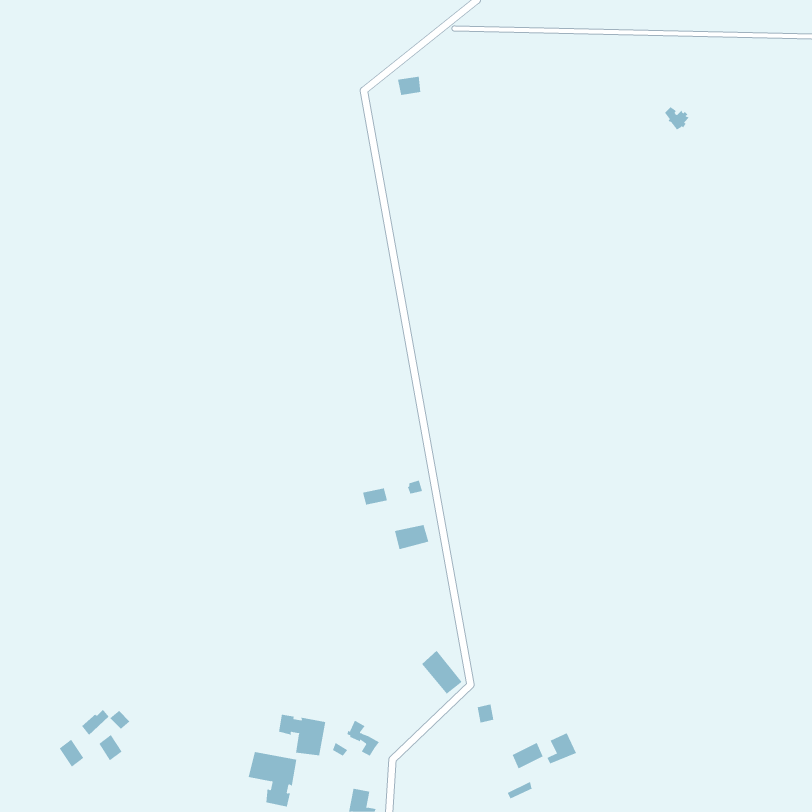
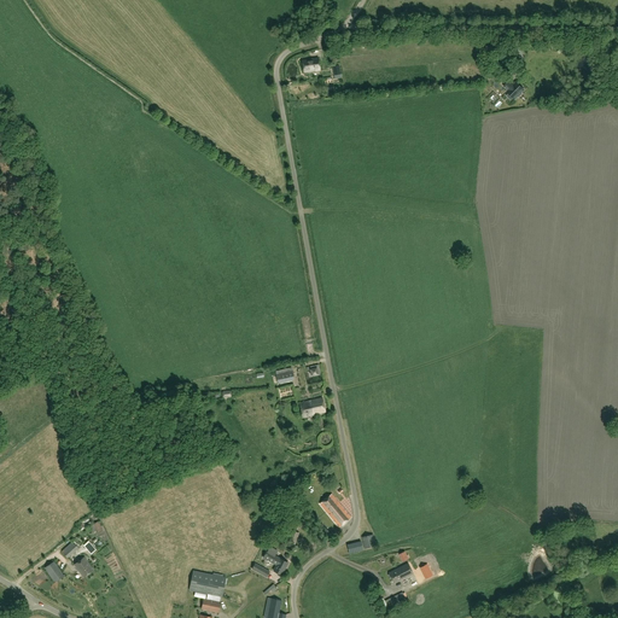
building: [279,714,326,756] -> none

